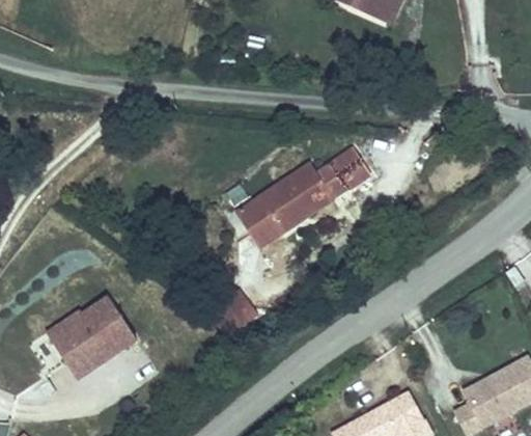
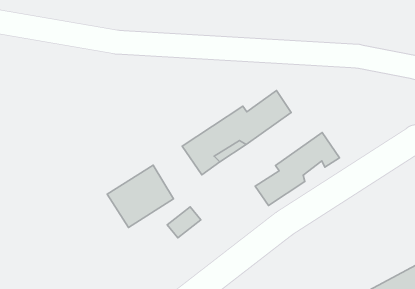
building: none -> [255,132,340,205]
building: [54,297,138,376] -> [107,165,174,228]

